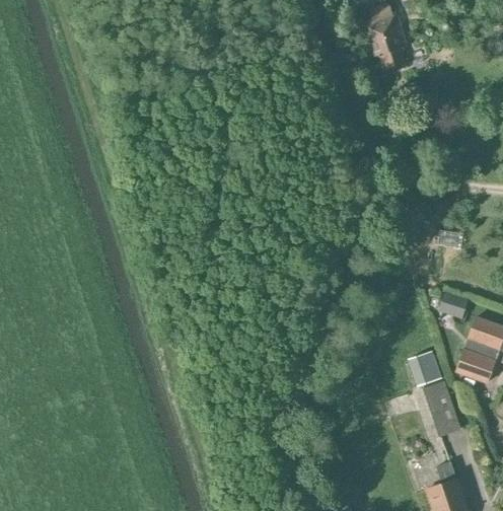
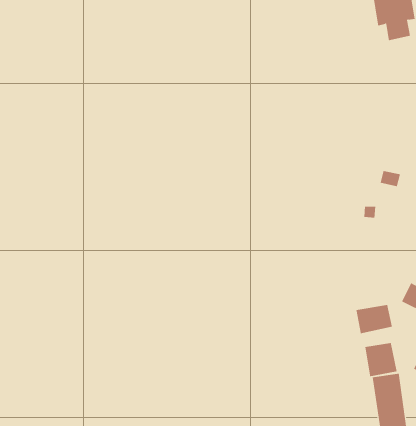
building: none -> [356,304,393,334]

